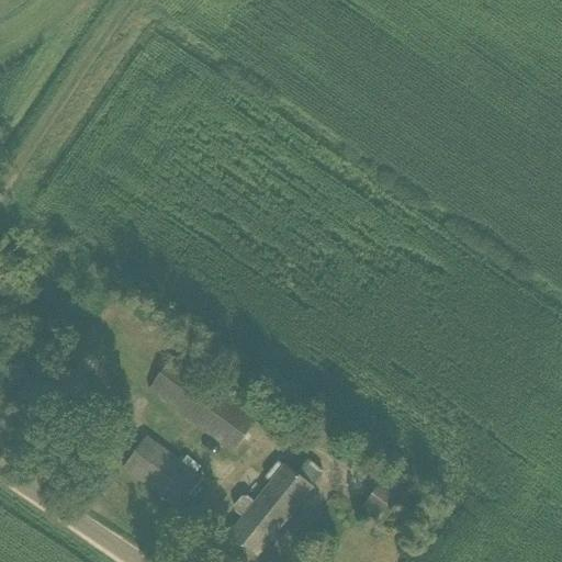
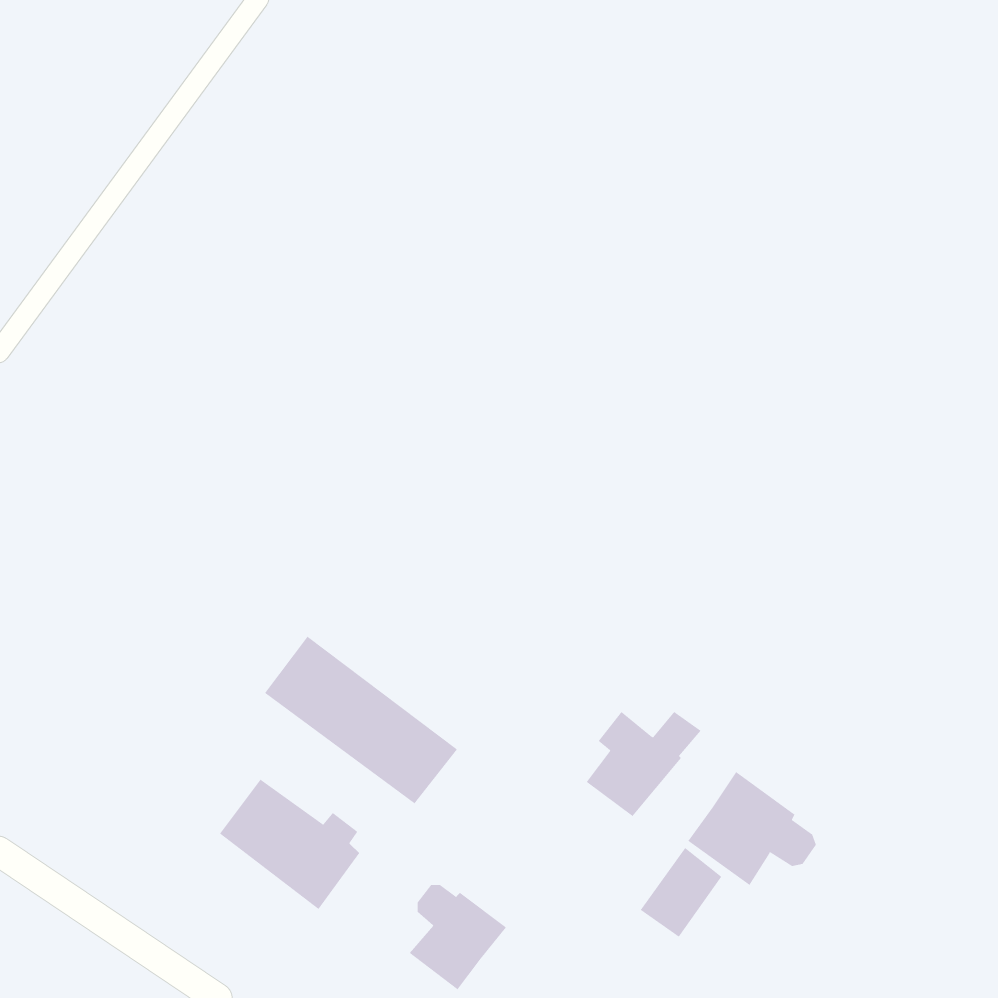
building: none -> [687,771,817,886]
building: [258,461,323,520] -> [586,711,701,817]

